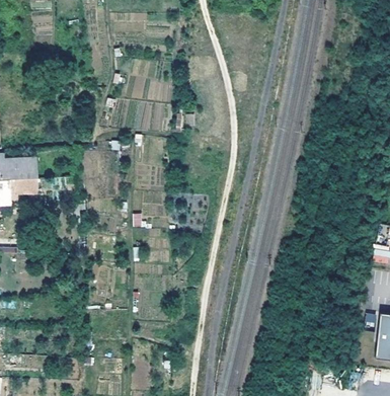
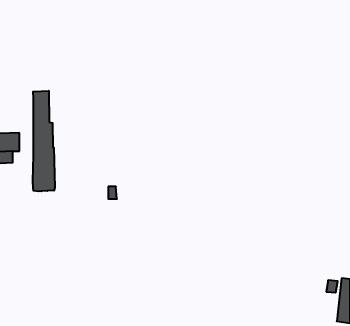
building: none -> [33,91,55,191]

